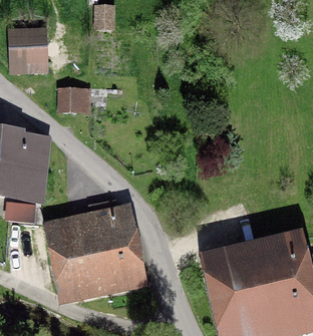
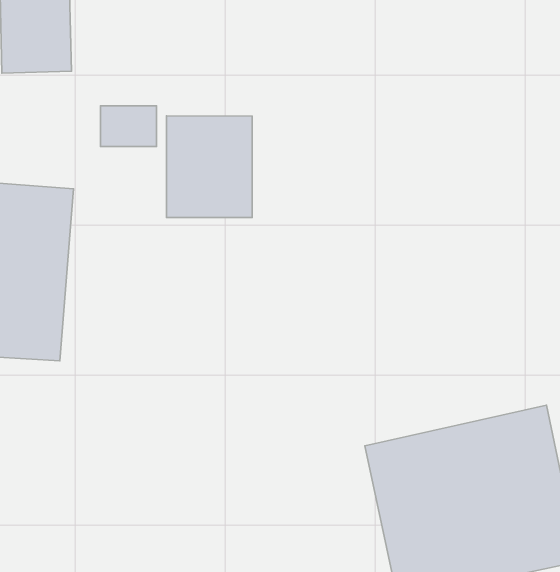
building: none -> [166,116,252,218]
building: [47,205,141,294] -> none

